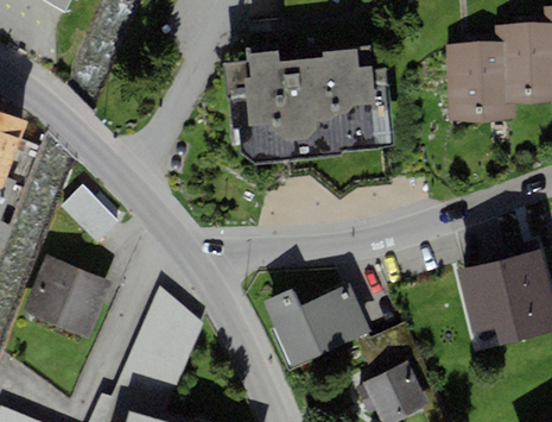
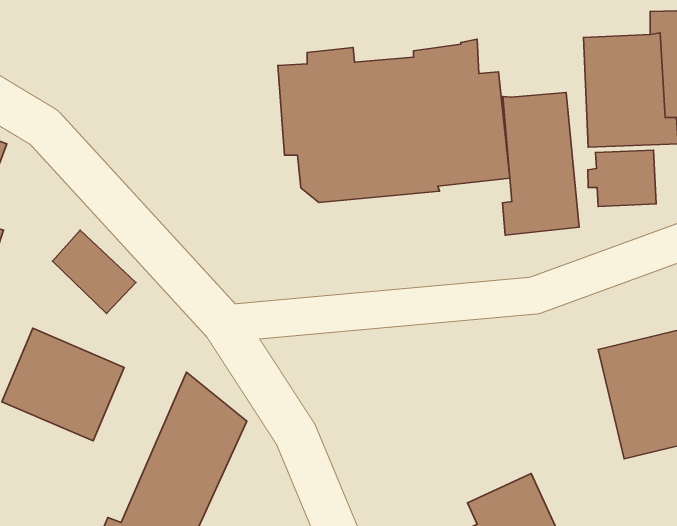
building: none -> [503,92,579,235]
building: none -> [588,150,656,206]
building: [264,283,372,366] -> none

